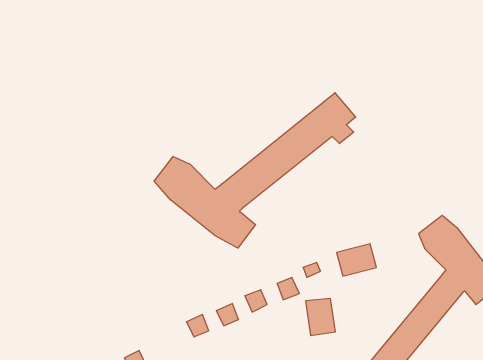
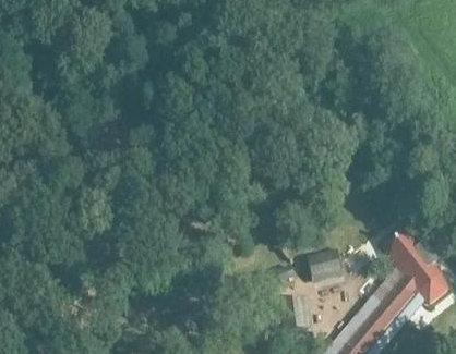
building: [154,93,356,248] -> none

